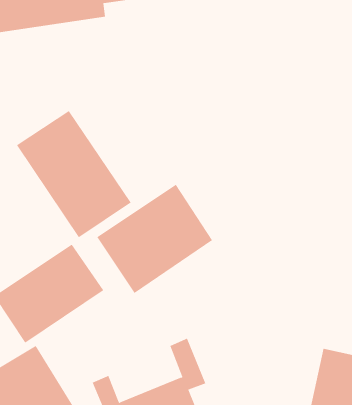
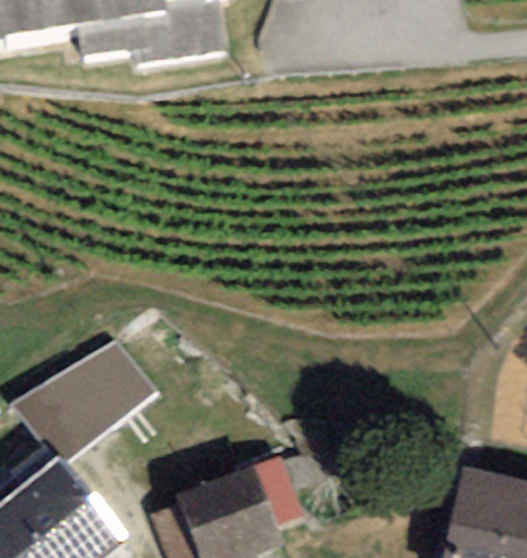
building: [16,110,132,238] -> none
building: [97,184,213,294] -> none

